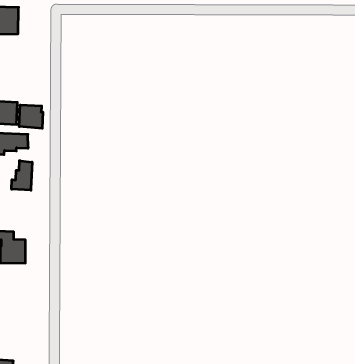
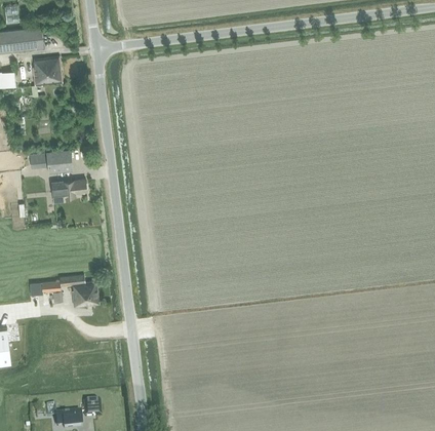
building: [19,105,43,128] -> none
building: [12,161,32,190] -> none

